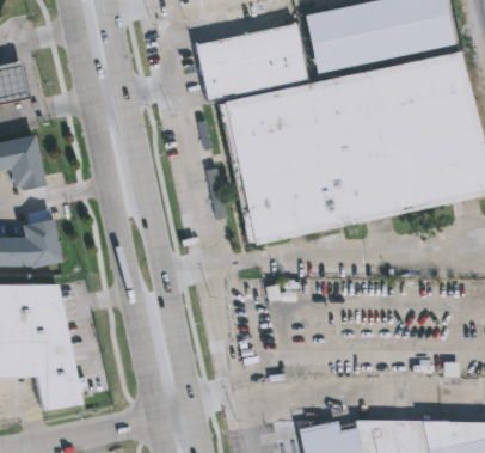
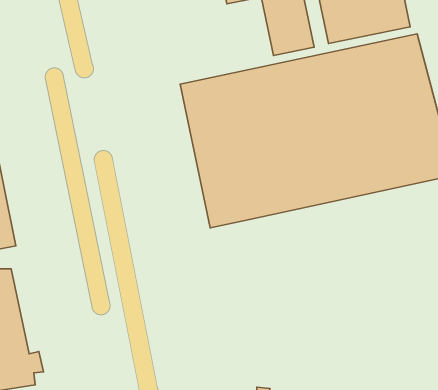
building: [196,23,308,102] -> none

